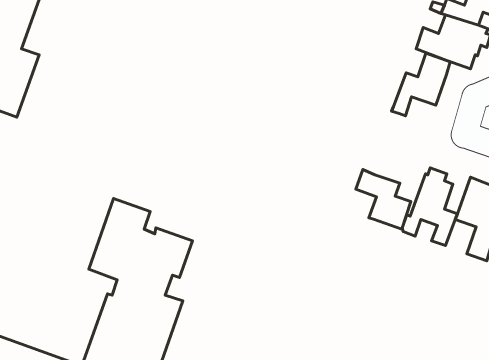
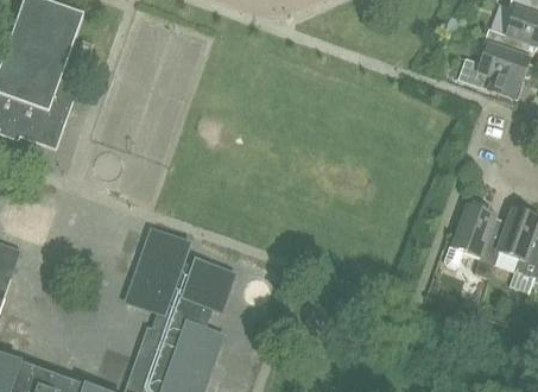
building: [391,53,450,116] -> none
building: [356,169,411,229] -> none

